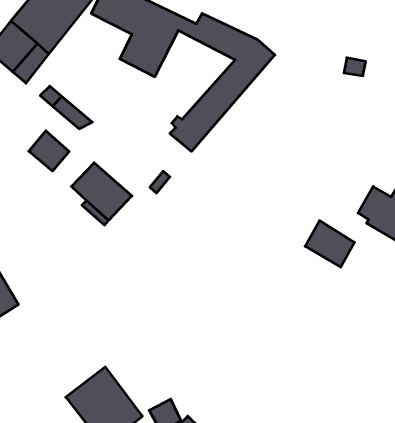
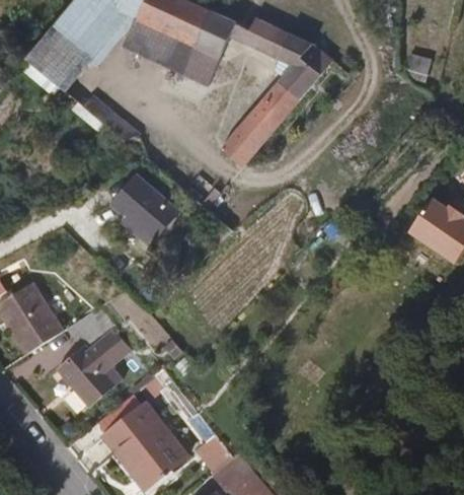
building: none -> [122,18,178,67]
building: [29,131,69,171] -> none
building: [305,221,355,267] -> none
building: none -> [56,305,136,404]

